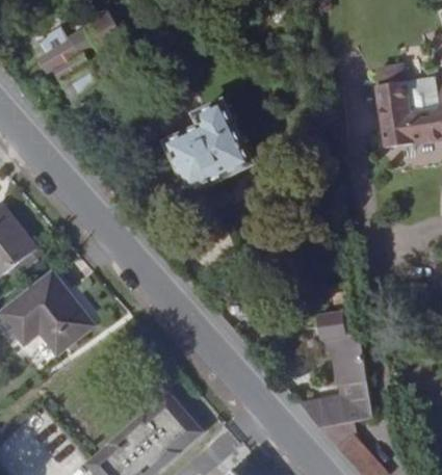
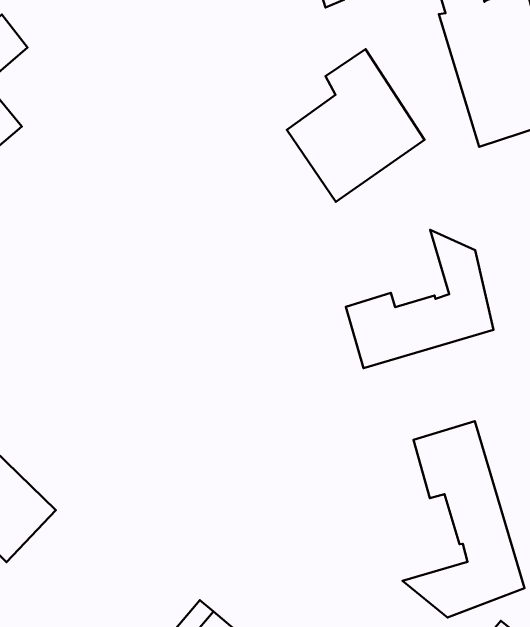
building: [167,102,251,192] -> [287,49,424,202]
building: none -> [346,230,493,368]

